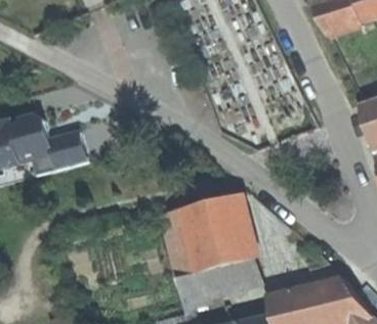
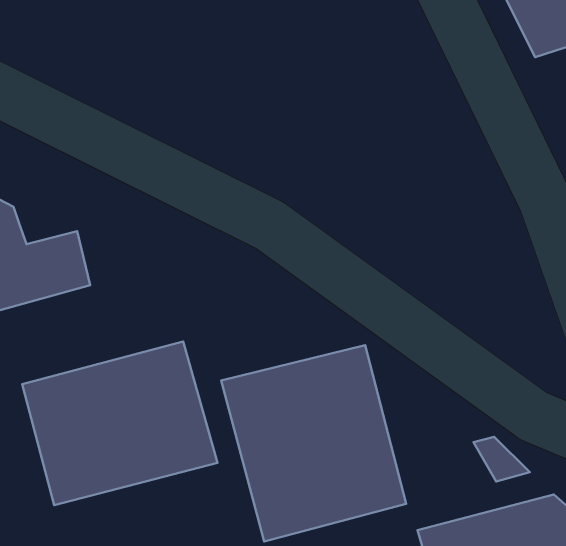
building: none -> [22,341,218,505]

